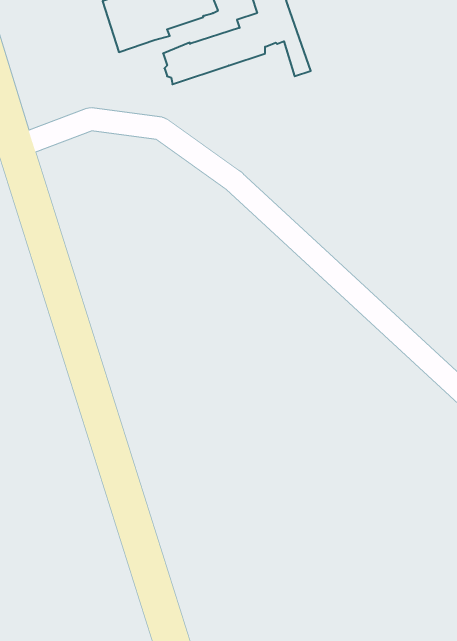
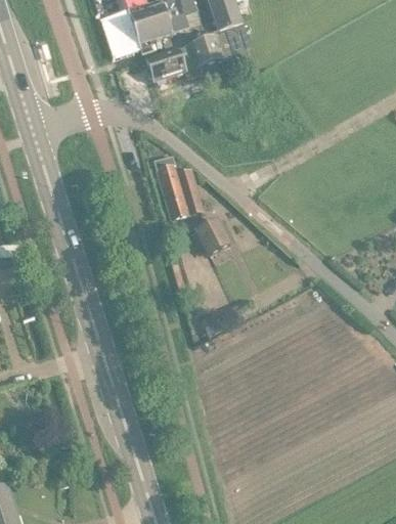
building: none -> [153,155,202,219]
building: none -> [196,218,230,254]

